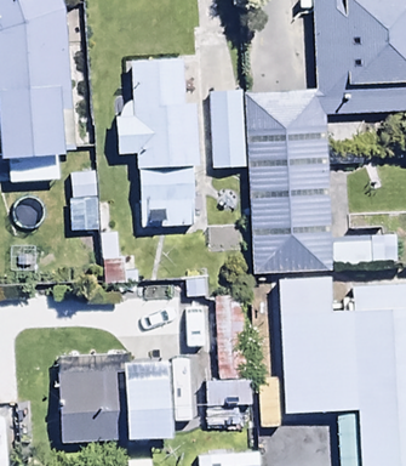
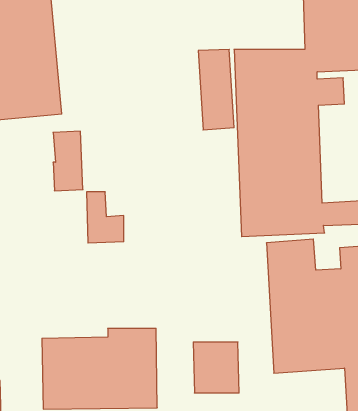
building: [115,62,201,226] -> none

